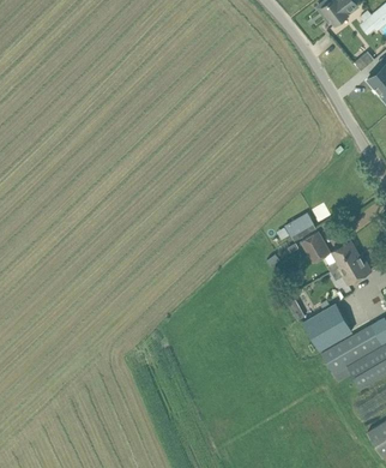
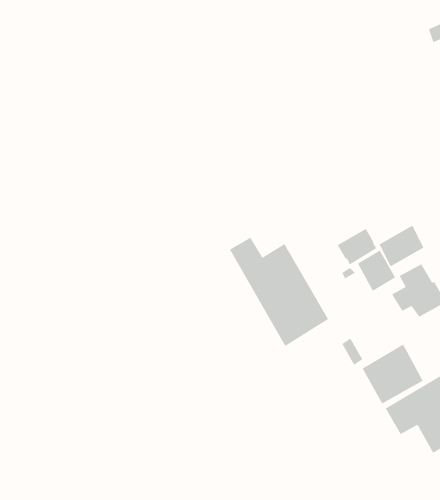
building: none -> [379,225,424,267]
building: none -> [229,237,329,347]

